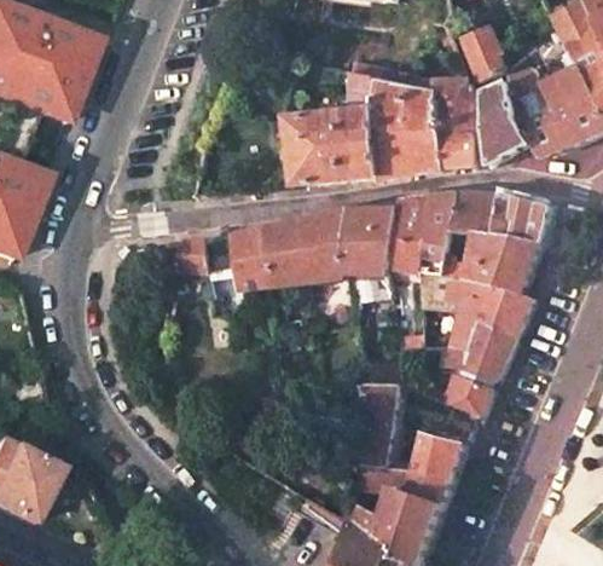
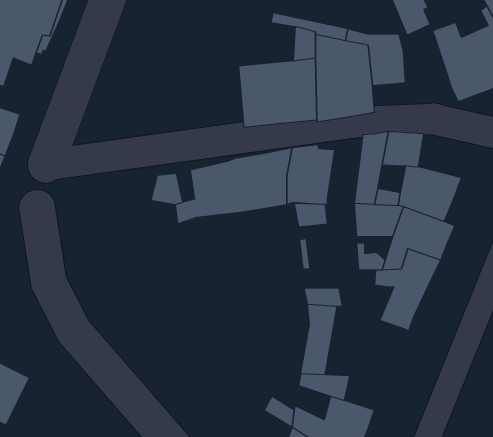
building: [489,82,529,163] -> none
building: [440,134,477,168] -> none
building: [492,191,551,242] -> none
building: [389,194,429,271] -> none
building: [408,429,465,504] -> none

